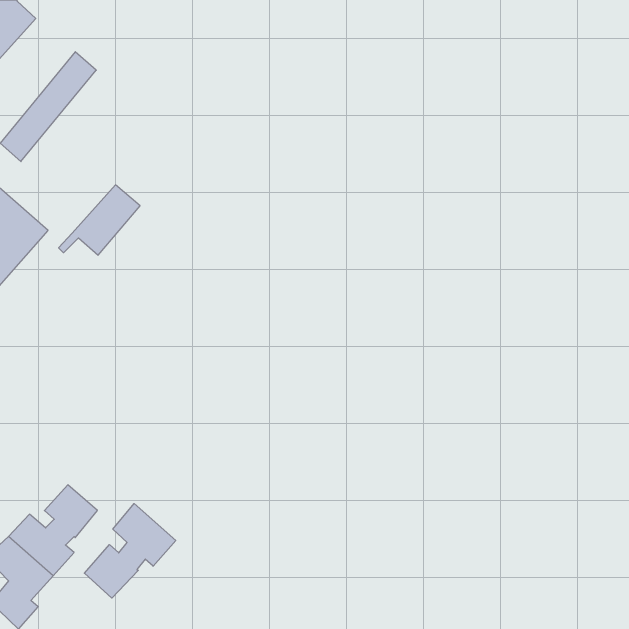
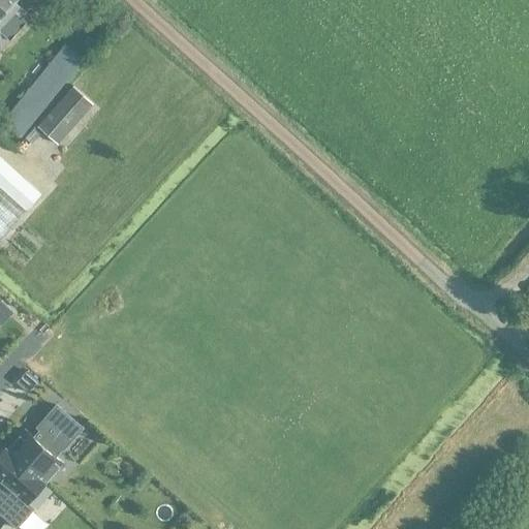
building: [59,185,140,255] -> [25,87,93,146]
building: [84,504,176,598] -> none

